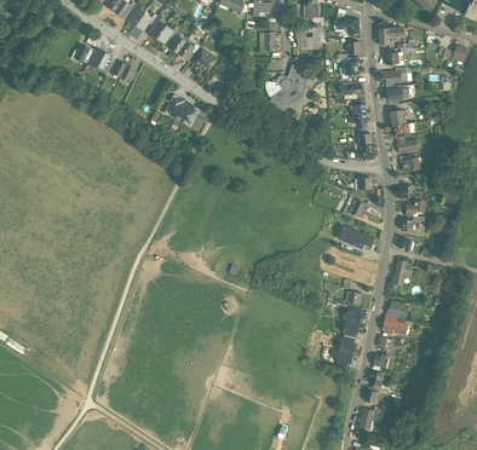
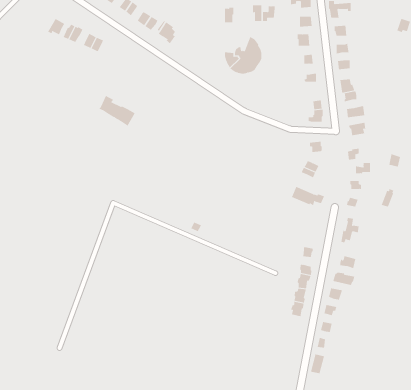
building: [165,96,205,129] -> [99,95,136,127]

